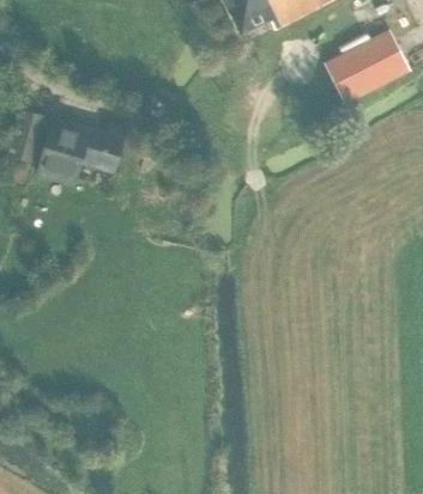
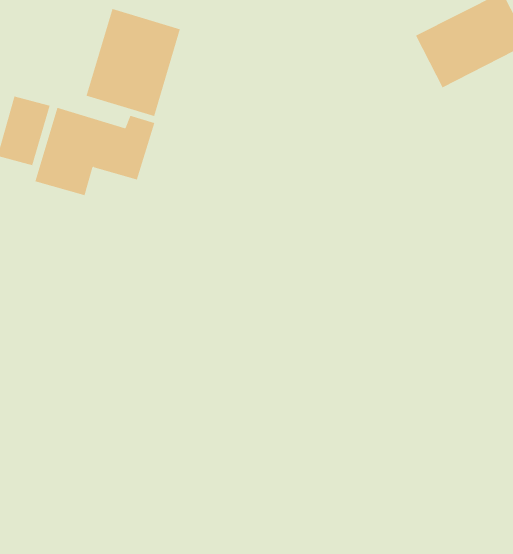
building: none -> [86,8,181,117]

